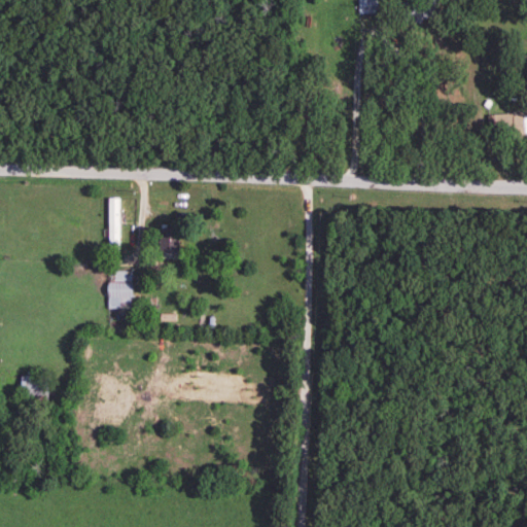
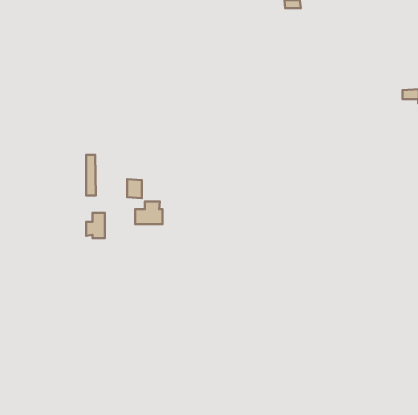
building: none -> [135,201,163,224]

